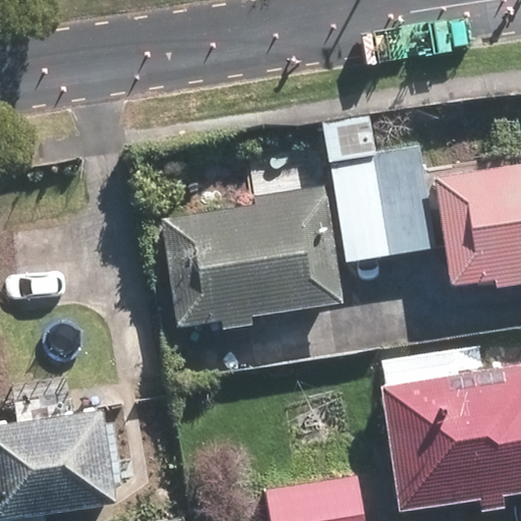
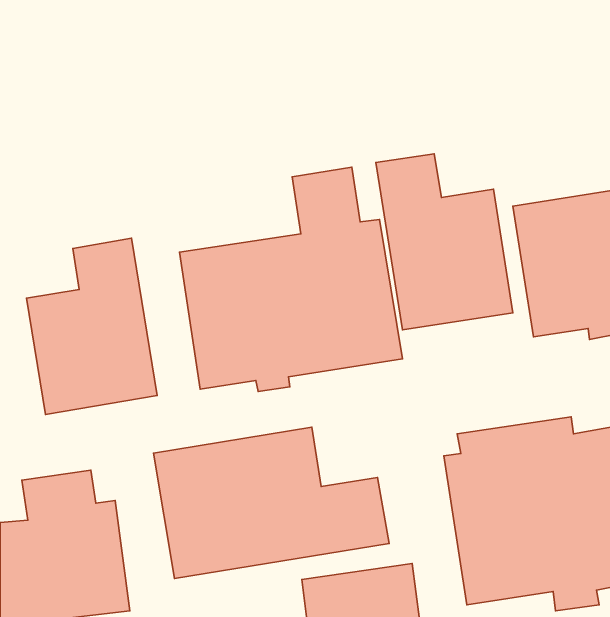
building: none -> [26,238,157,414]
building: none -> [153,427,389,578]

